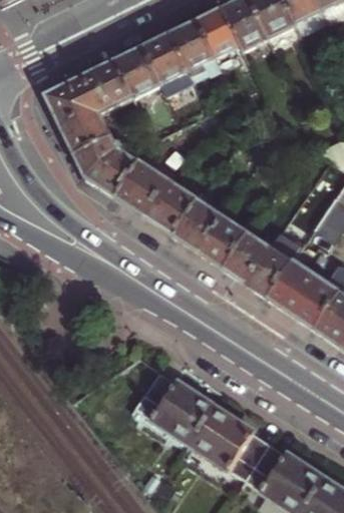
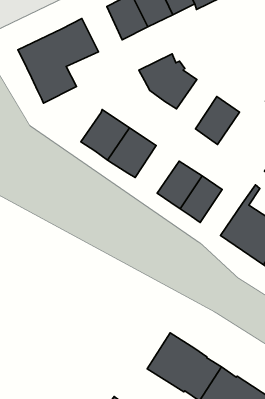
building: [116,47,160,96] -> none
building: [74,134,137,194] -> [139,54,197,109]
building: [175,198,223,250] -> [196,97,240,144]
building: [246,246,292,297] -> none
building: [135,370,213,442] -> none

